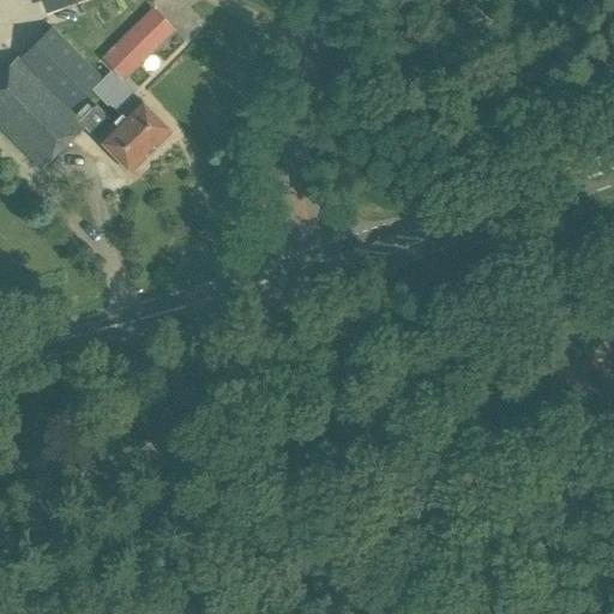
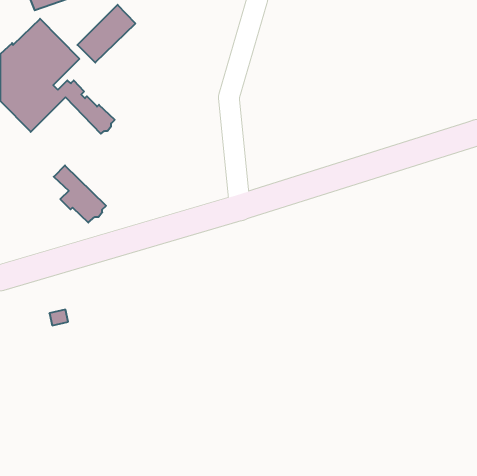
building: [103,80,170,154] -> [54,165,106,223]

